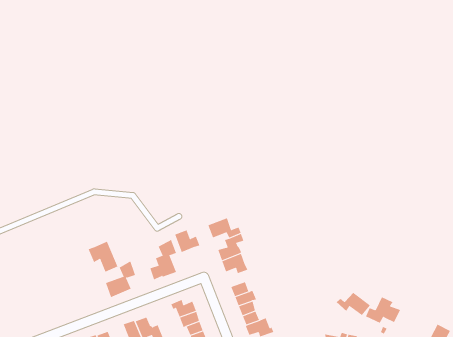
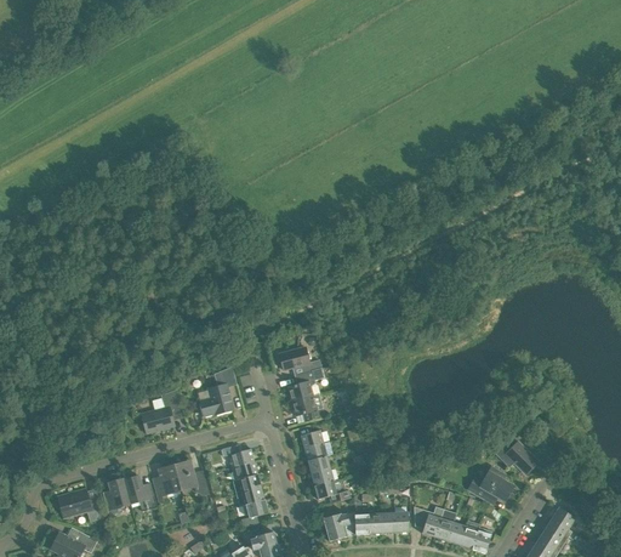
building: [174,229,200,253] -> none
building: [88,241,118,272] -> none
building: [336,292,371,316] -> [494,442,537,473]

